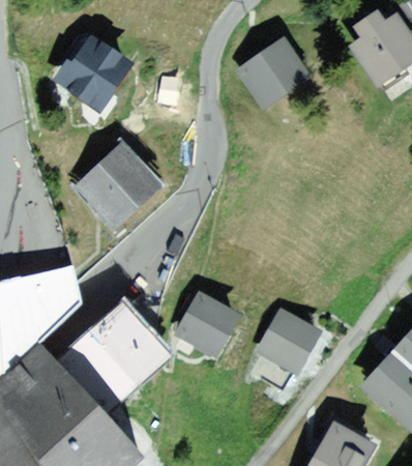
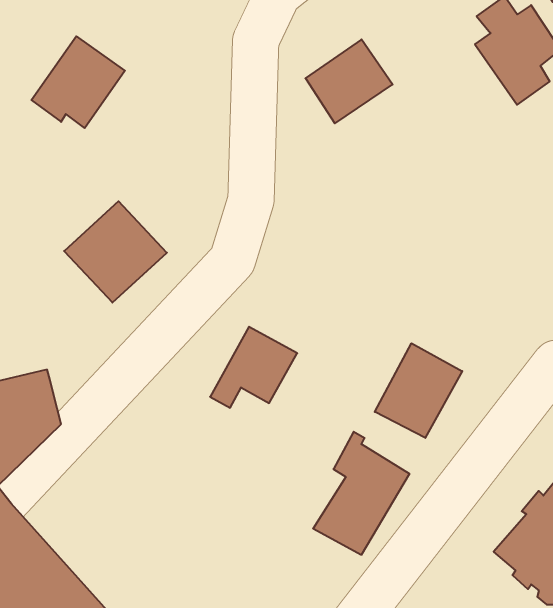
building: none -> [375,343,462,438]
building: [58,298,174,412] -> none
building: [176,299,234,353] -> [210,327,297,408]

